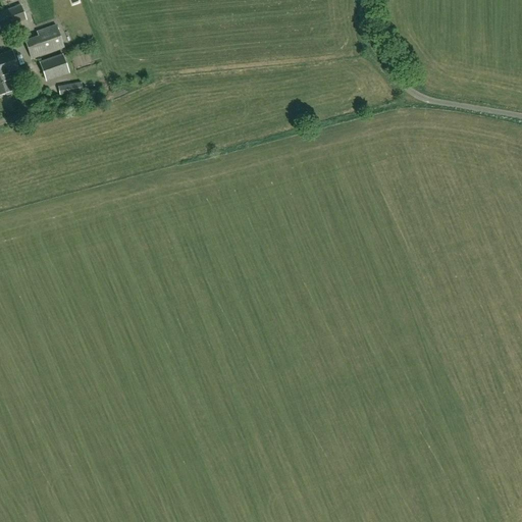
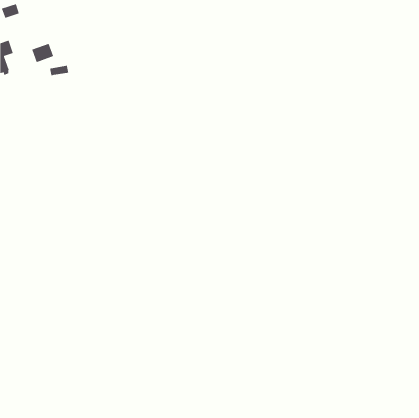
building: [23,23,62,56] -> none

